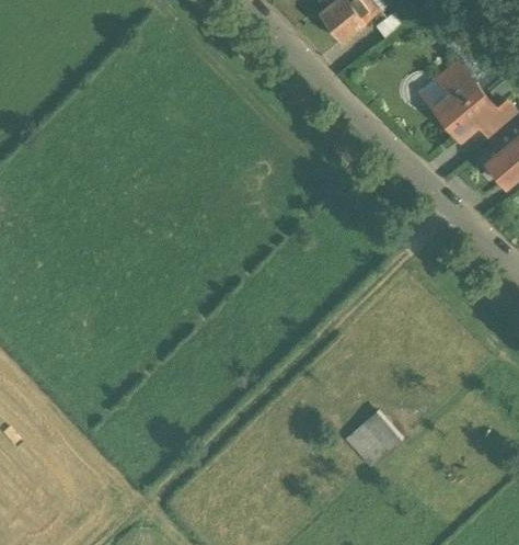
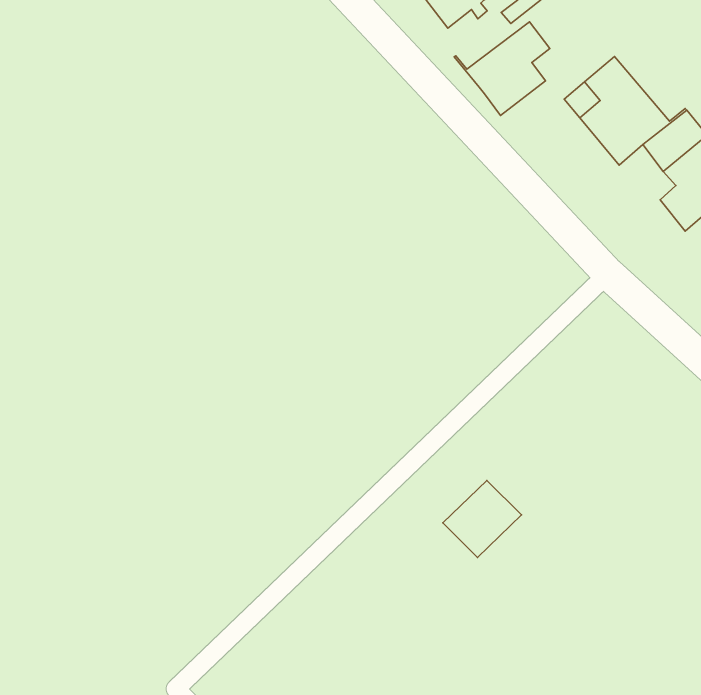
building: none -> [454,22,550,116]
building: [347,411,402,465] -> [443,480,521,557]

